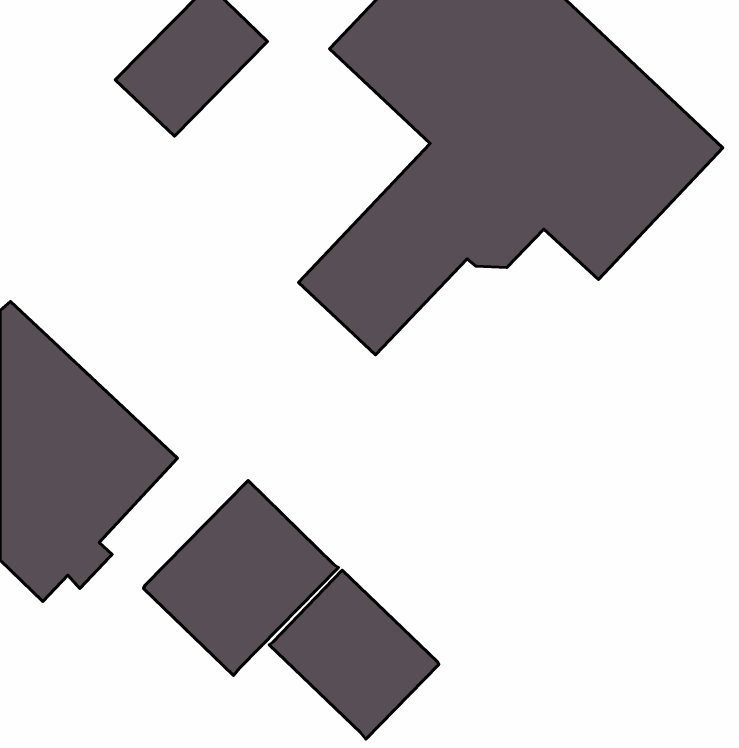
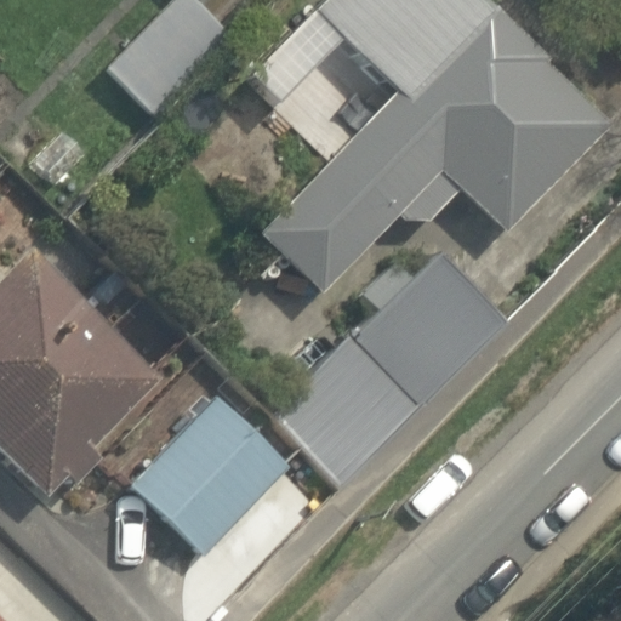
building: none -> [270,251,508,485]
building: [269,570,439,739] -> none

